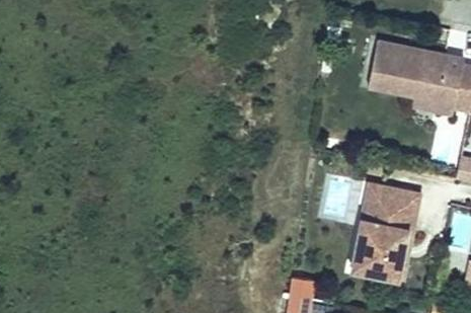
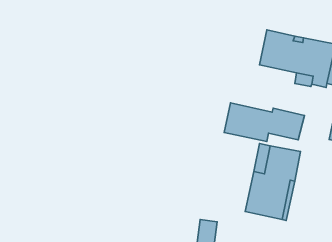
building: none -> [224,103,304,142]

